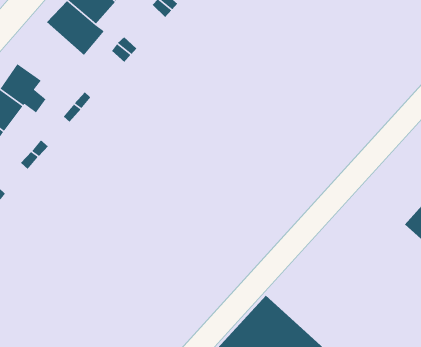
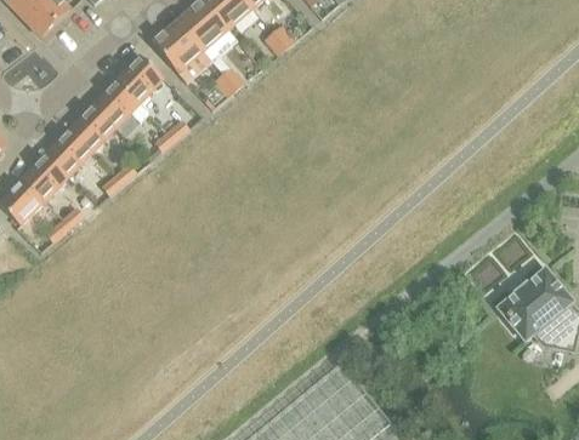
building: none -> [114,55,161,102]

